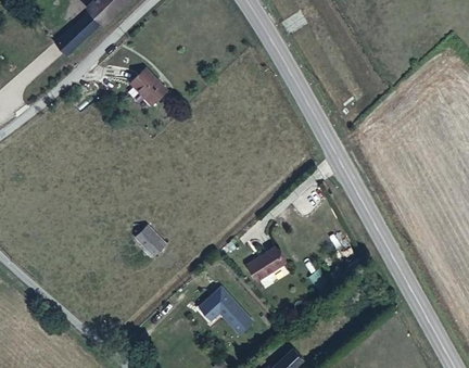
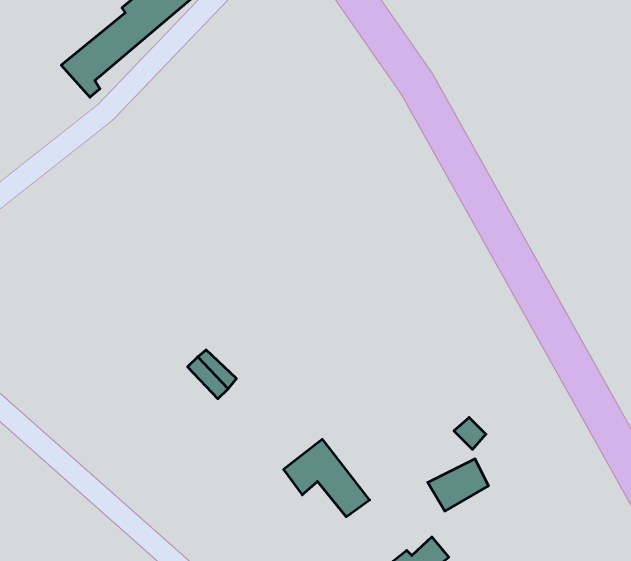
building: [128,74,166,113] -> none
building: [248,246,287,280] -> [428,459,488,511]

